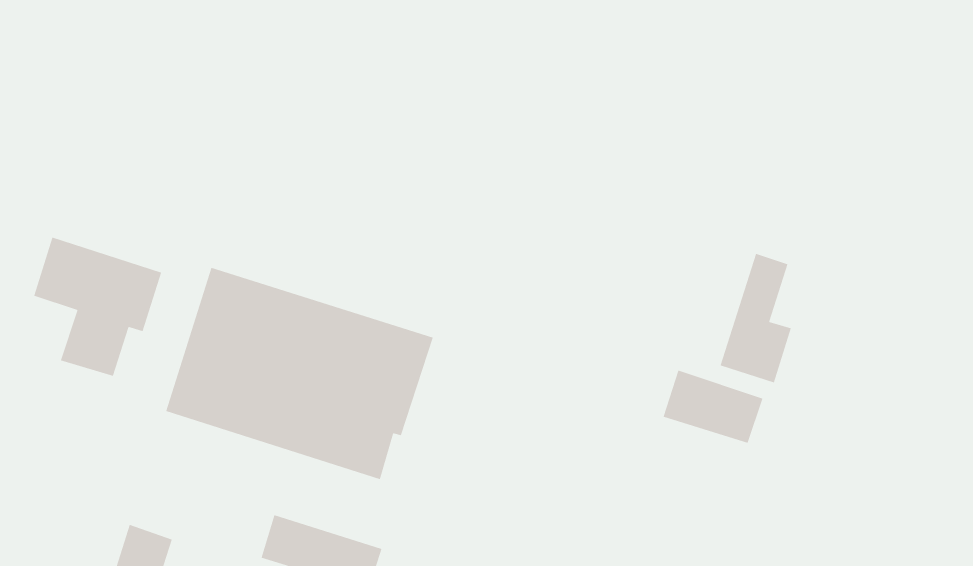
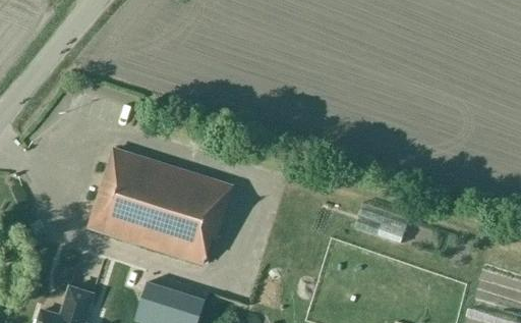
building: [33,236,162,377] -> none
building: [719,253,792,384] -> none

